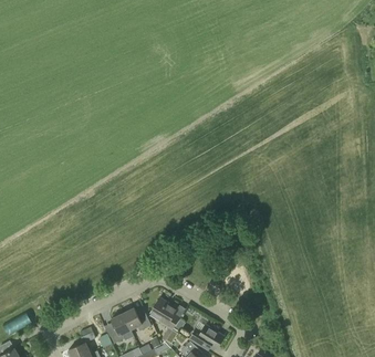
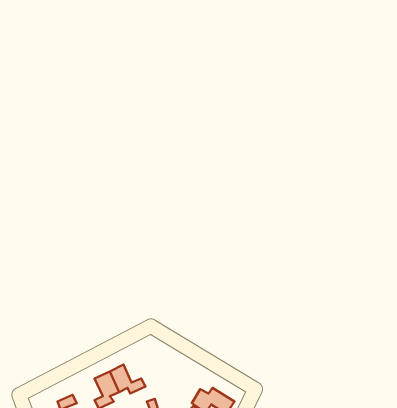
building: [152,297,179,329] -> none

